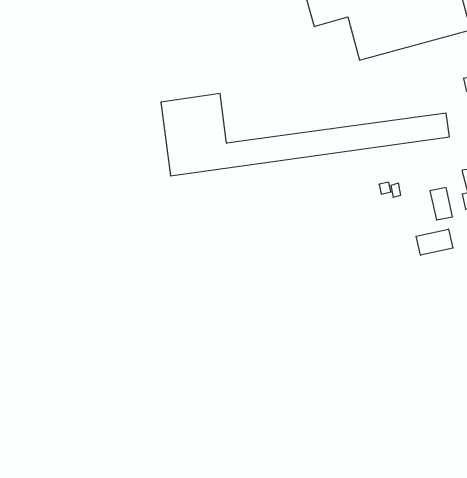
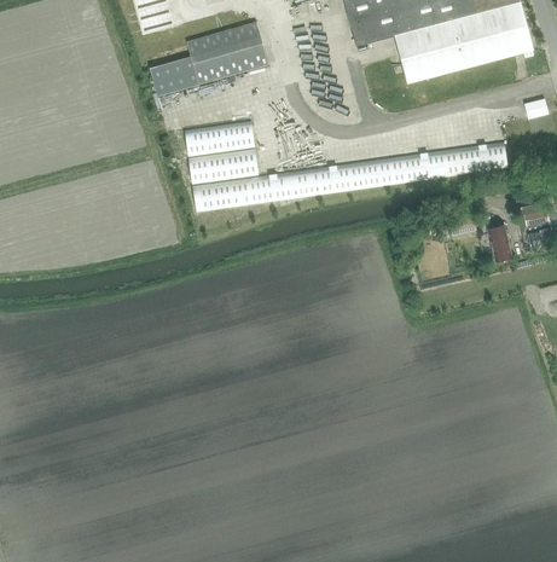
building: none -> [149,22,268,95]
building: [416,229,453,255] -> none

